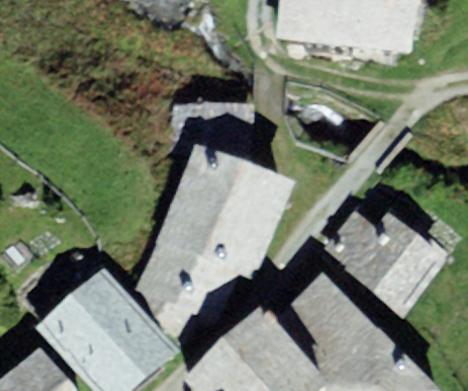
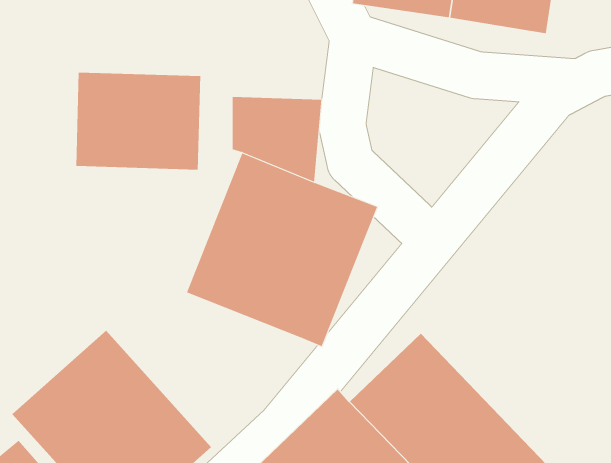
building: none -> [76,72,201,171]
building: [319,210,449,319] -> none
building: [132,240,240,340] -> none

